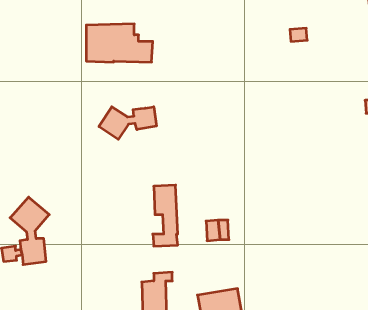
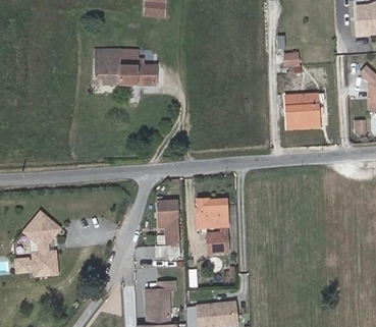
building: none -> [285,94,319,128]
building: [99,107,156,139] -> none
building: none -> [196,199,227,227]

